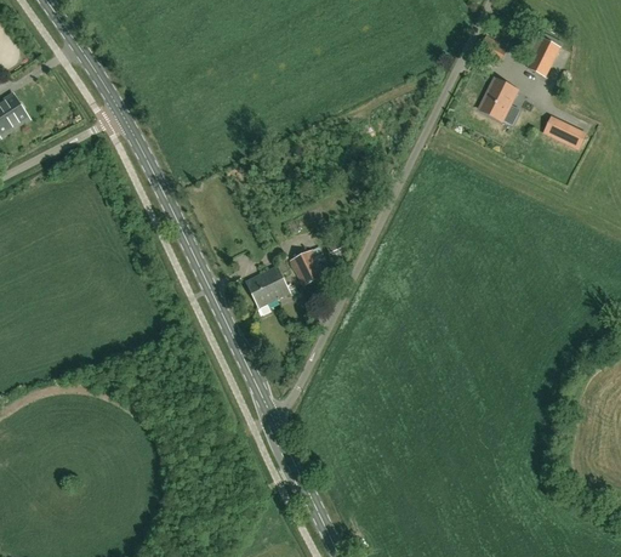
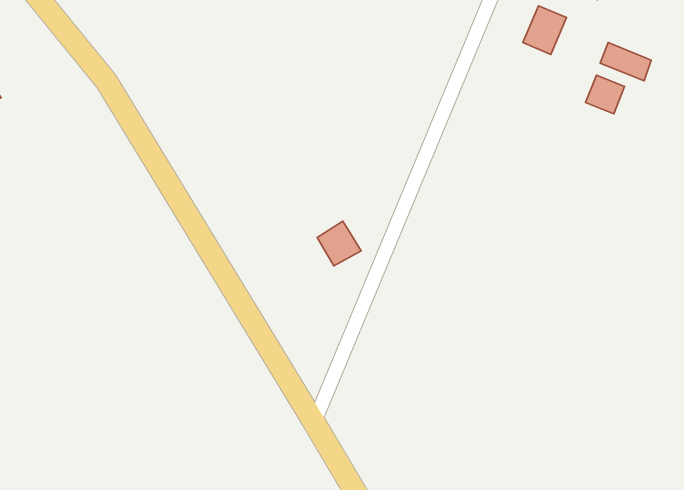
building: none -> [586,75,625,114]
building: [245,267,289,308] -> none

